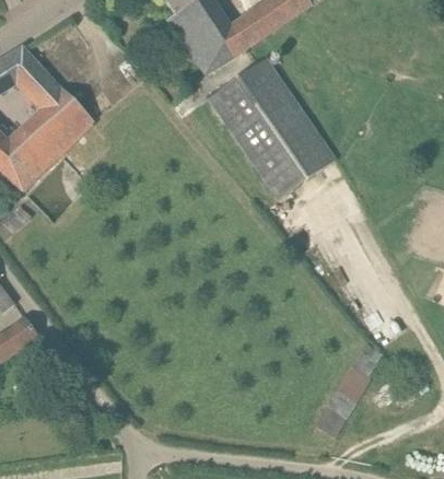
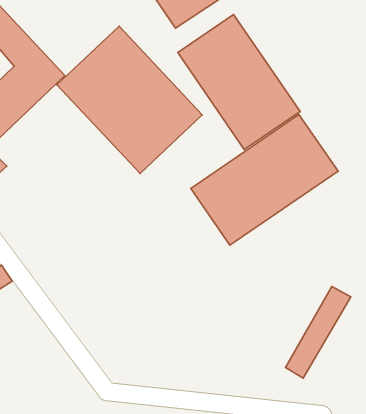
building: none -> [57,26,202,173]
building: none -> [191,115,338,245]

